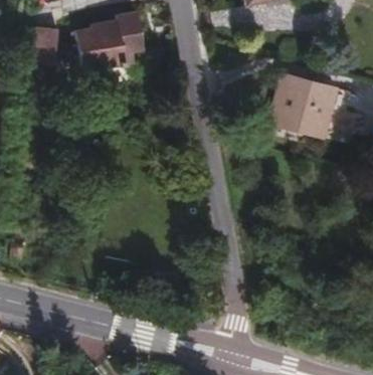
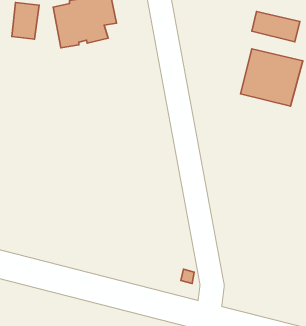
building: none -> [252,11,300,42]

